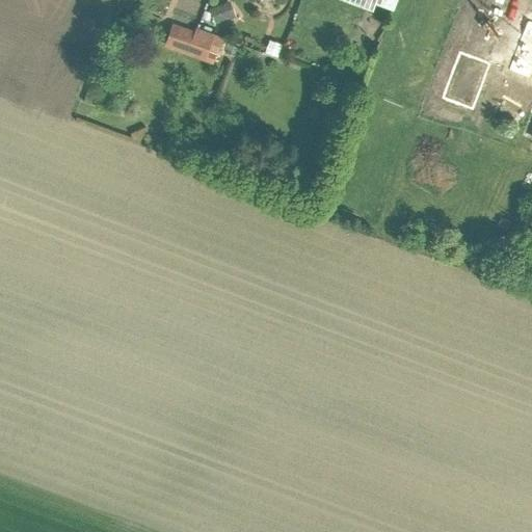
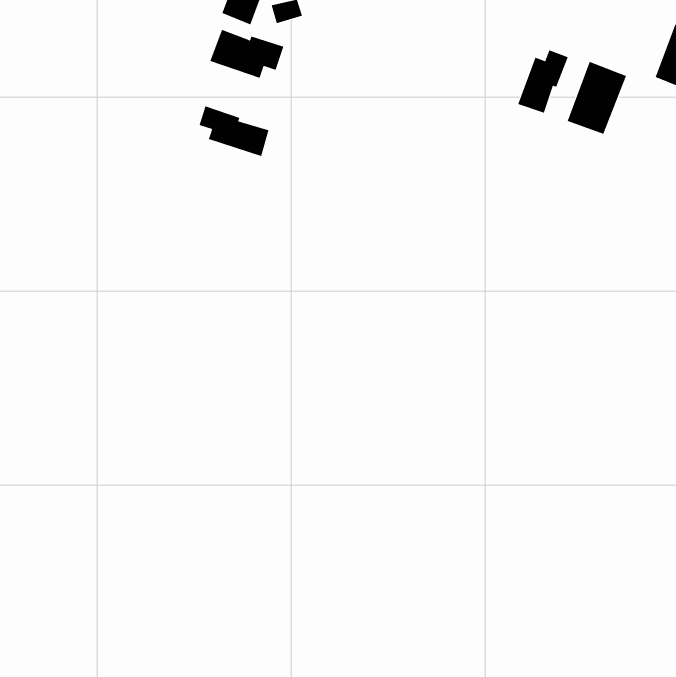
building: none -> [518,49,569,113]
building: none -> [199,106,269,157]

